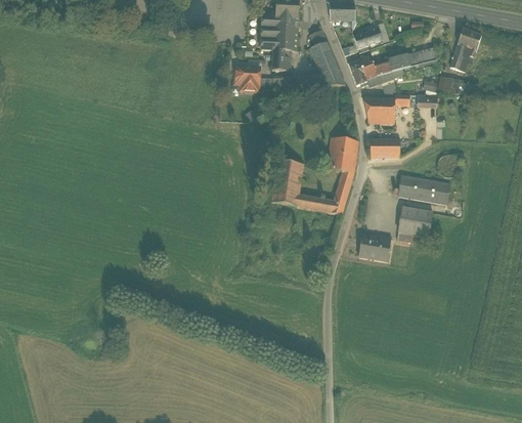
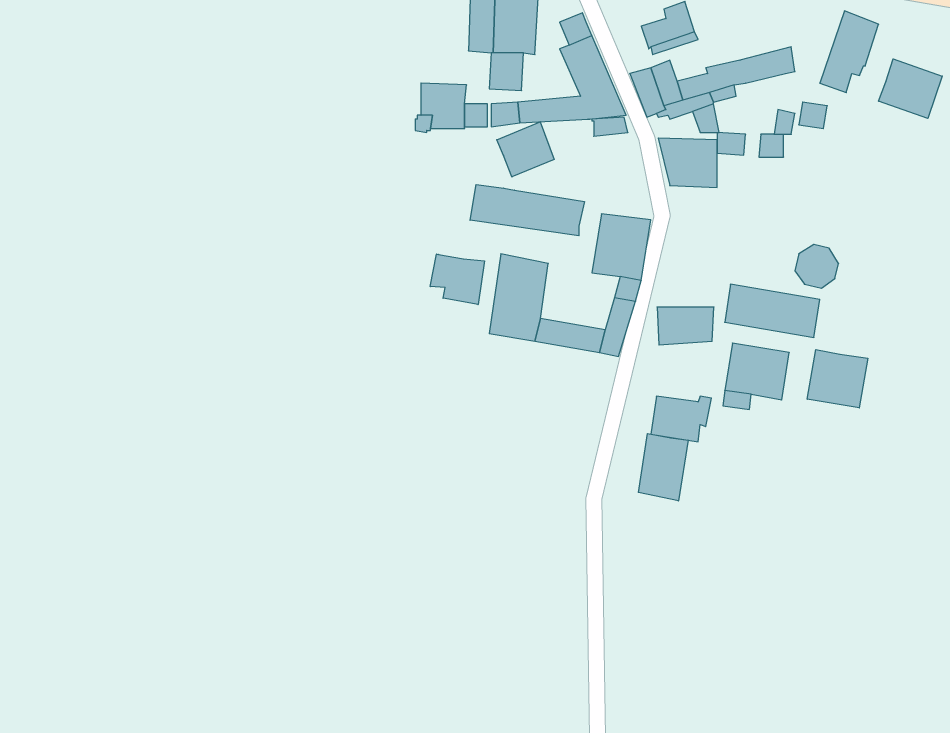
building: none -> [879,59,942,118]
building: none -> [497,122,554,177]
building: none -> [470,185,584,236]
building: [369,138,400,159] -> [657,307,714,345]
building: none -> [430,254,484,305]
building: none -> [807,350,868,408]
building: none -> [638,434,688,501]

